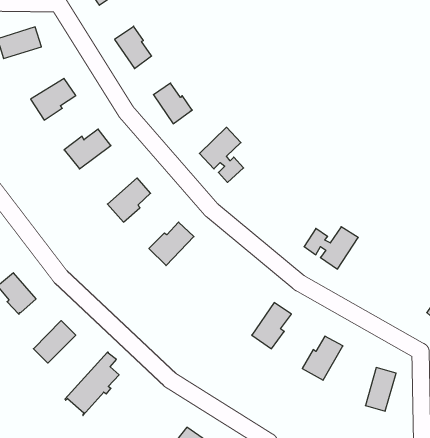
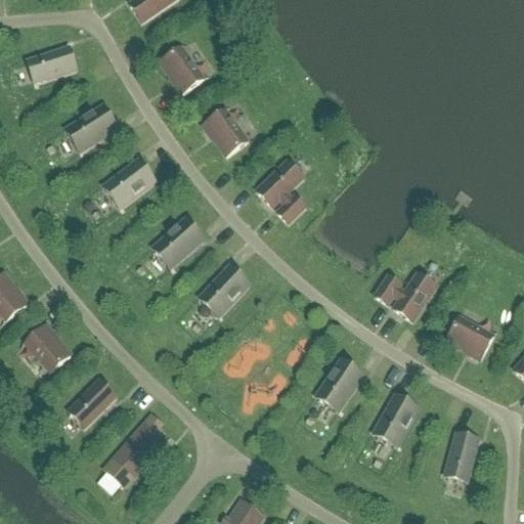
building: none -> [446,315,492,357]

